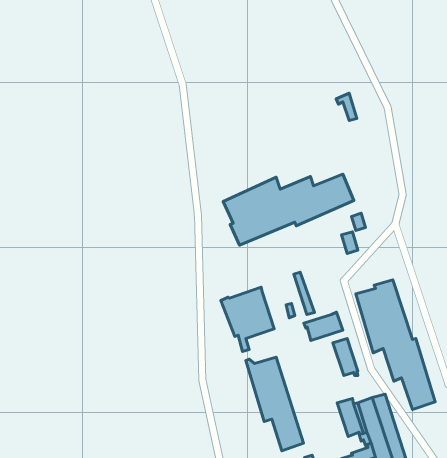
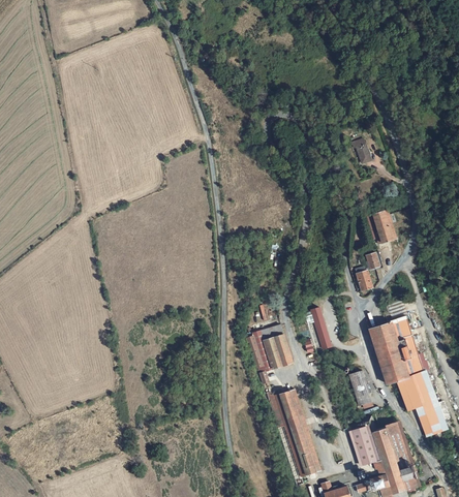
building: none -> [370,209,397,245]
building: [223,174,354,245] -> none
building: [304,312,343,340] -> none

